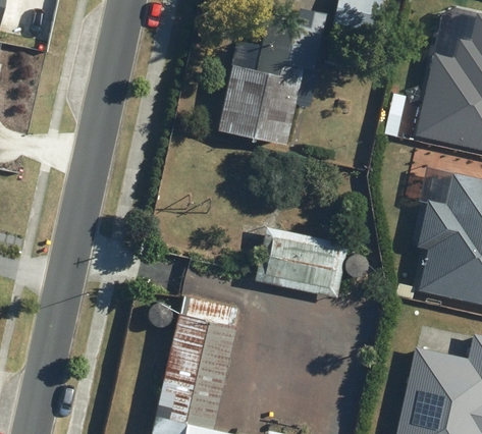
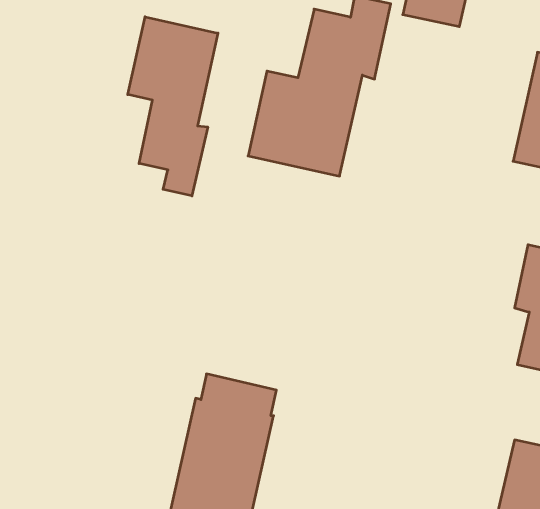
building: none -> [128,17,218,196]
building: [253,229,346,300] -> none

